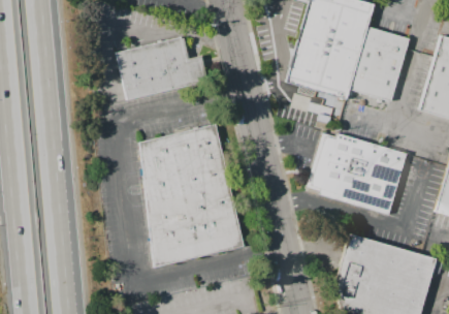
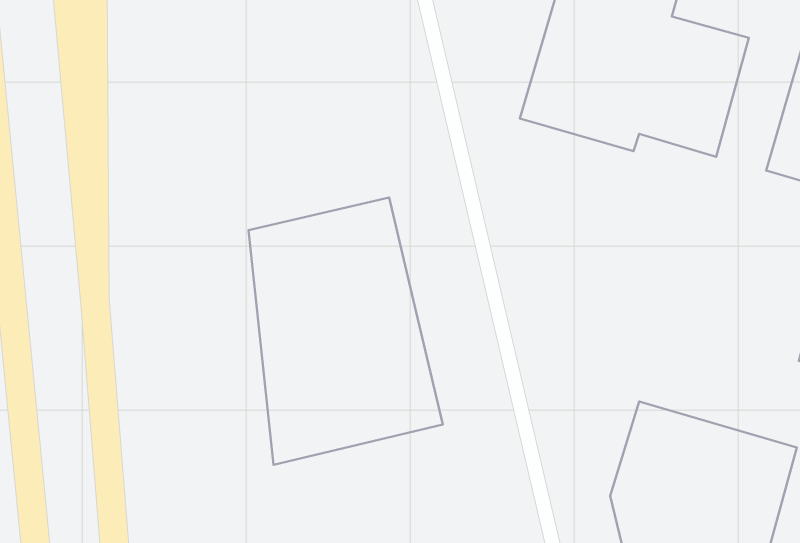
building: [117,36,206,98] -> none
building: [311,133,408,215] -> none

